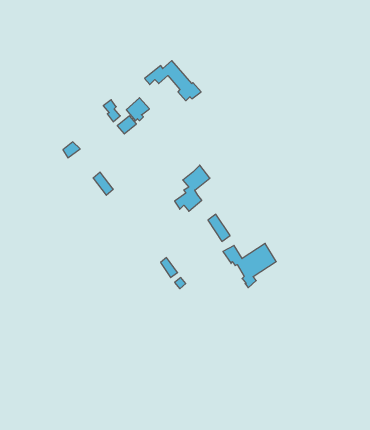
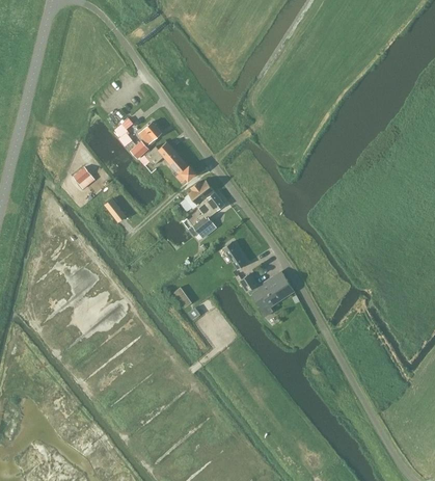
building: [145,61,201,101] -> [140,140,198,182]
building: none -> [185,179,214,208]

